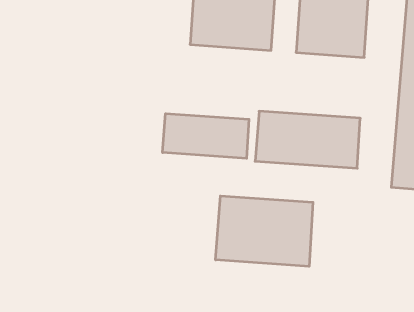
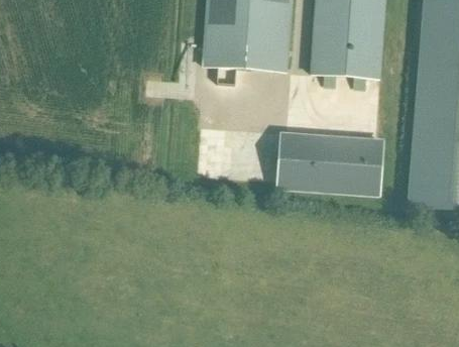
building: [163,114,249,158] -> none
building: [216,196,313,266] -> none

